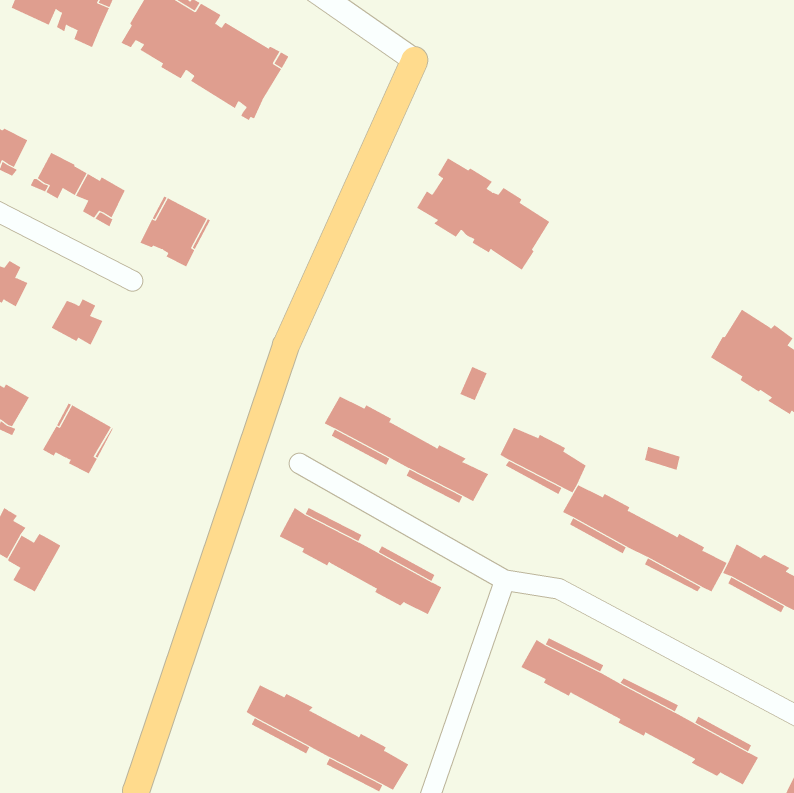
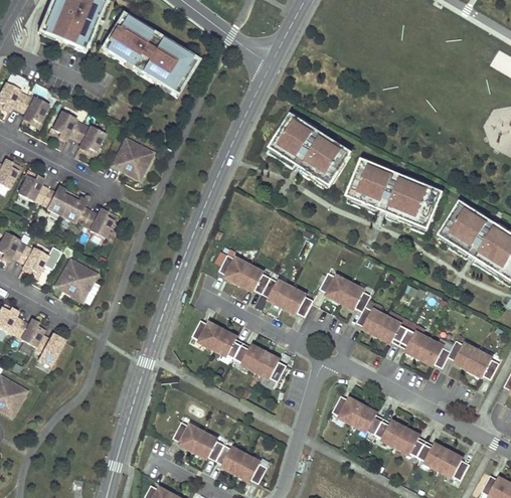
building: none -> [349,161,442,224]
building: none -> [40,186,69,214]
building: none -> [83,208,113,237]

